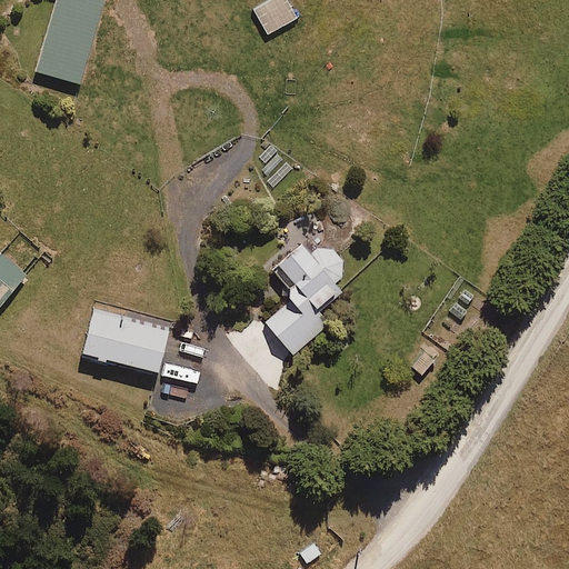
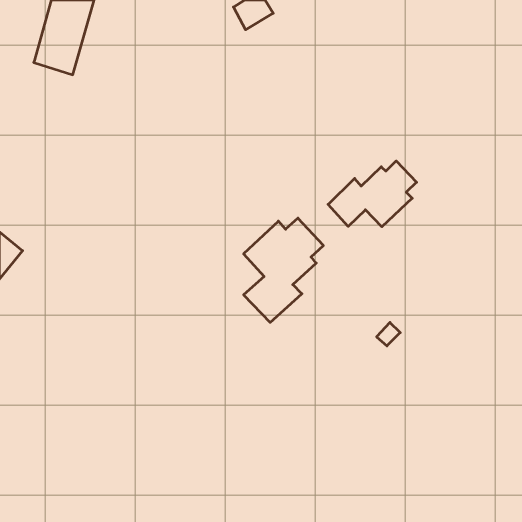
building: none -> [328,161,417,227]
building: [80,313,167,373] -> none

